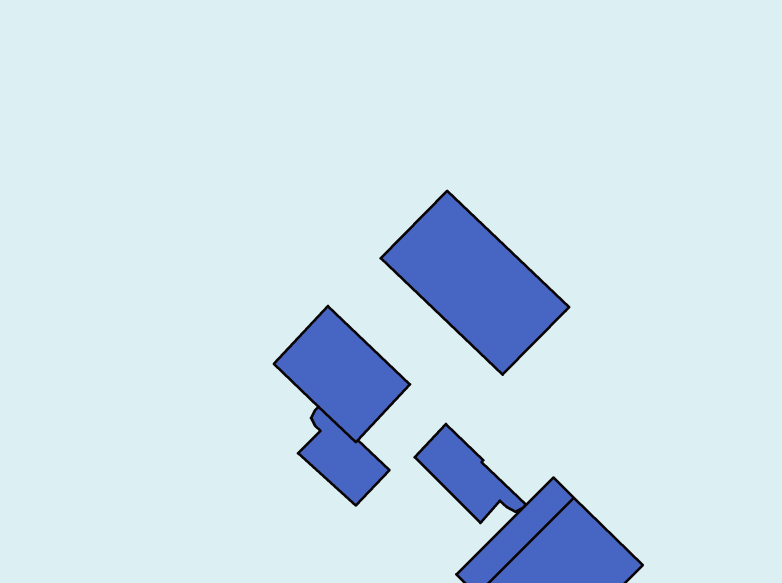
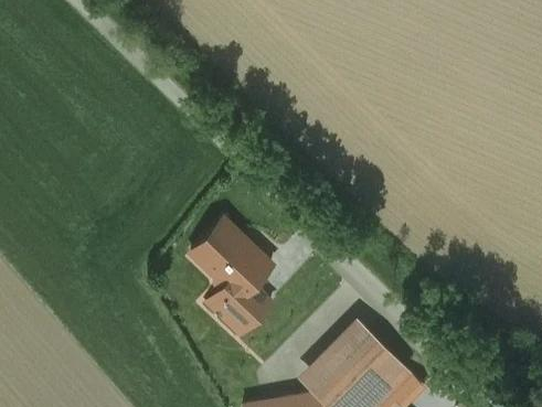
building: [381,191,569,375] -> none
building: [415,424,526,523] -> none

